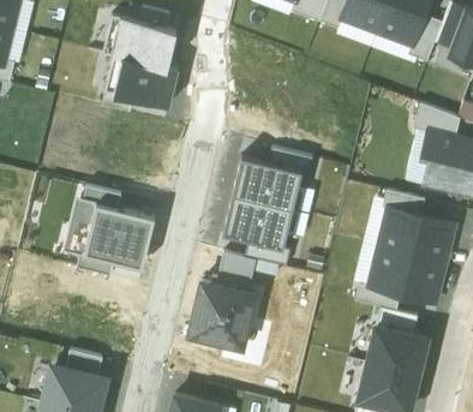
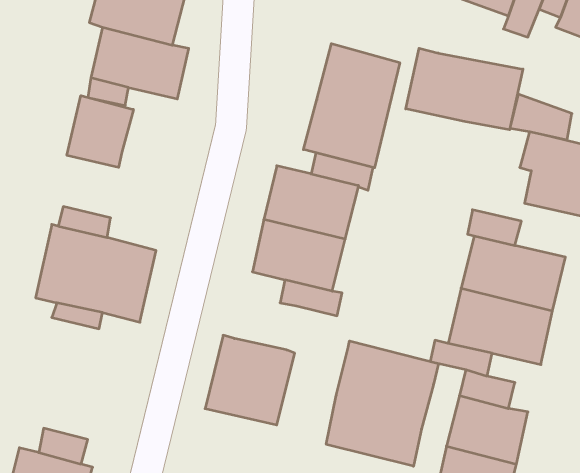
building: none -> [303,44,400,168]
building: none -> [406,48,523,130]
building: none -> [67,96,133,167]
building: [211,251,257,292] -> none
building: none -> [326,341,439,466]

